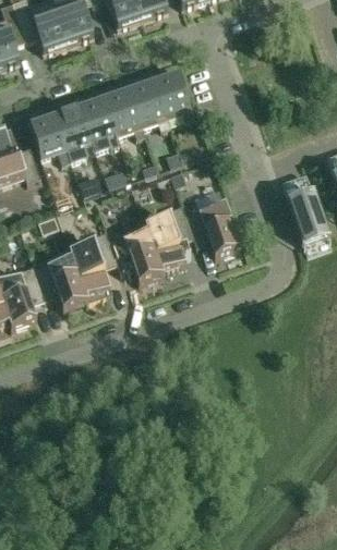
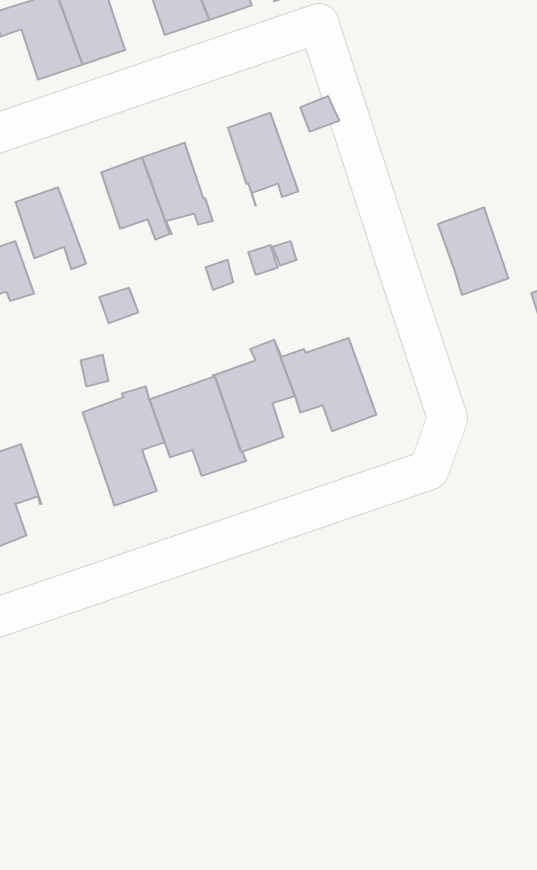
building: [129,78,170,133] -> none
building: [55,105,96,158] -> none
building: [287,191,328,242] -> [438,207,509,295]
building: [33,245,87,308] -> none

